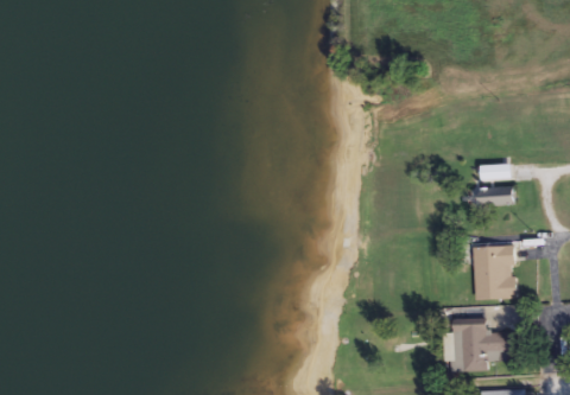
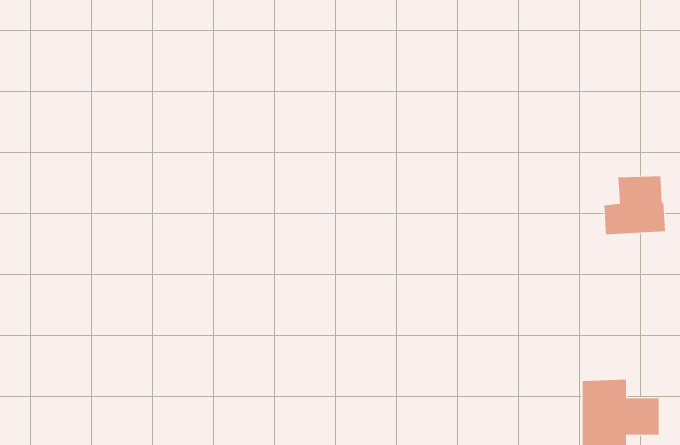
building: [473,244,515,299] -> none

